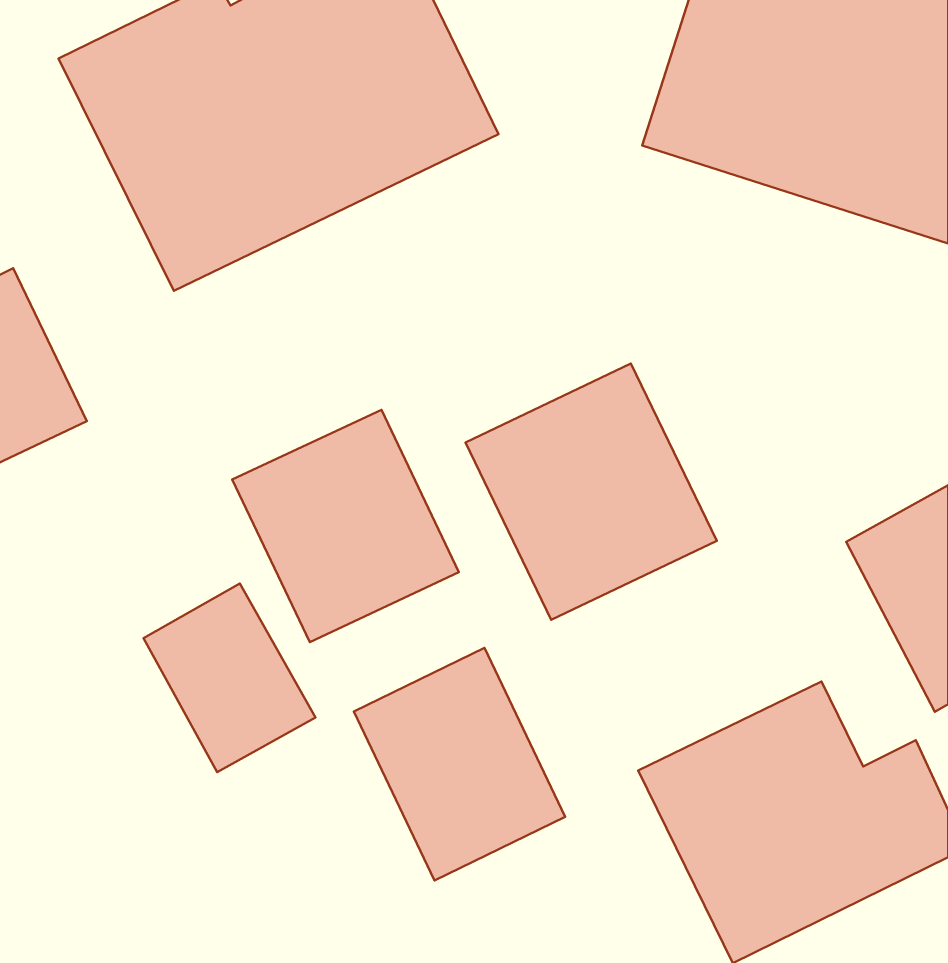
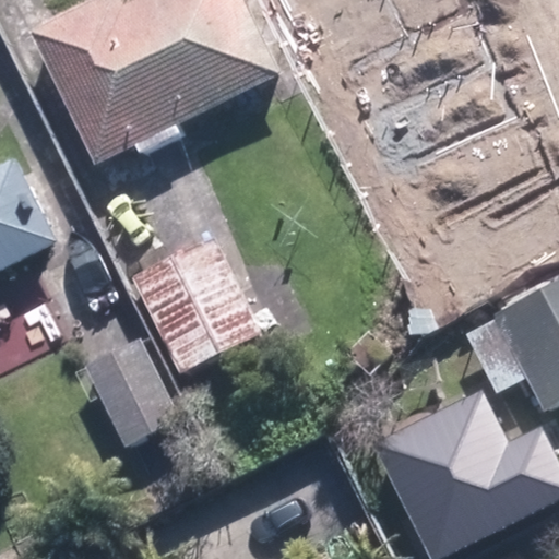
building: [465,364,717,620] -> none
building: [354,648,565,880] -> none

